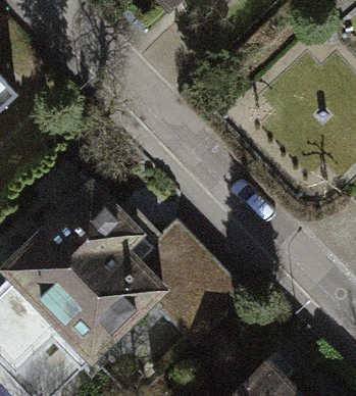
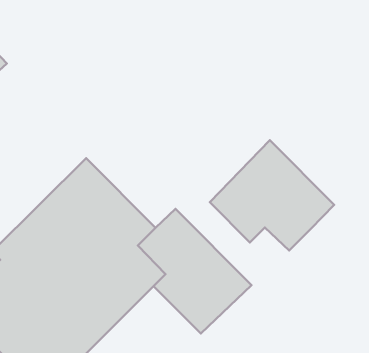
building: none -> [210,140,334,251]

